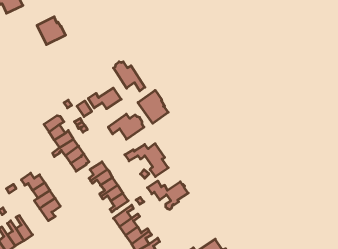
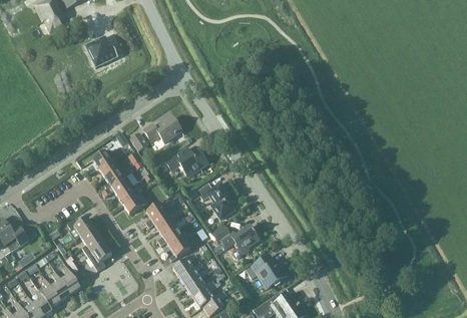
building: [113,62,145,91] -> none
building: [138,90,168,123] -> none
building: none -> [247,254,287,286]

